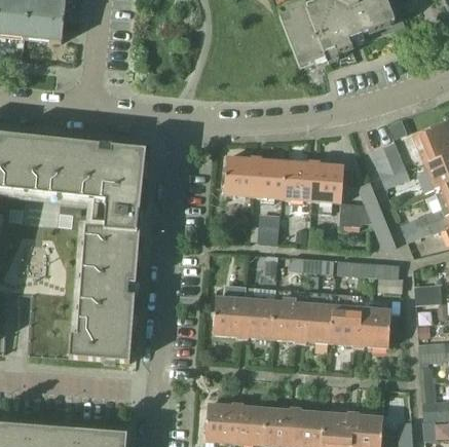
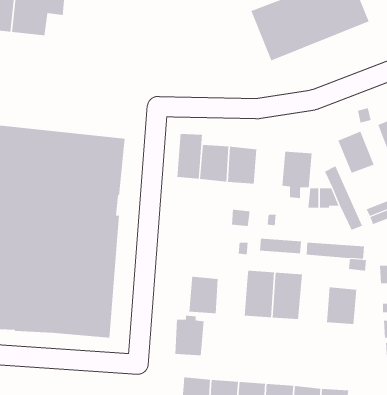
building: none -> [177,133,202,180]
building: [283,160,314,199] -> none
building: [330,293,363,344] -> none
building: [242,294,274,337] -> [174,315,204,356]

